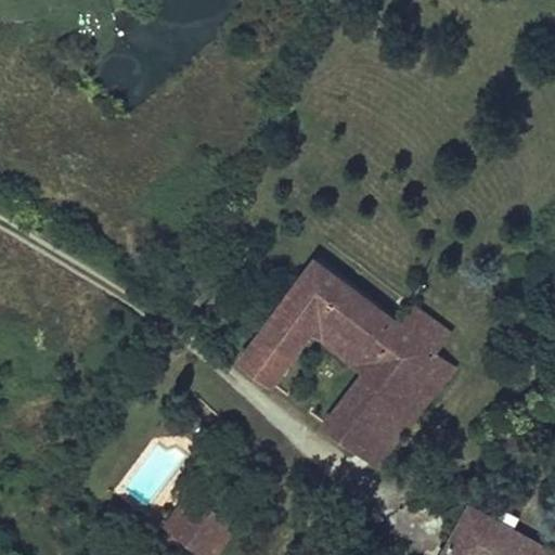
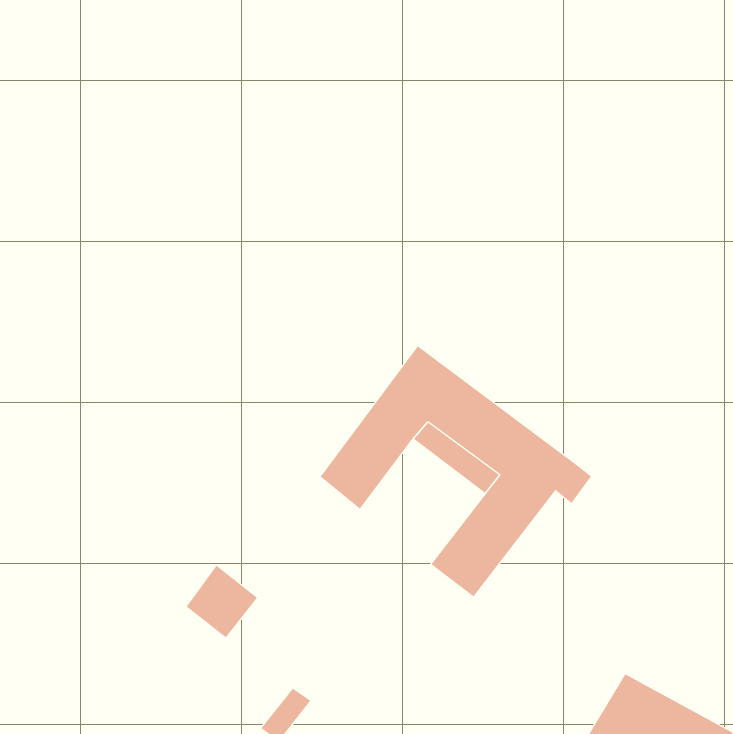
building: [401,307,450,352] -> none
building: [357,360,453,465] -> none
building: [166,494,220,550] -> [186,565,258,638]

